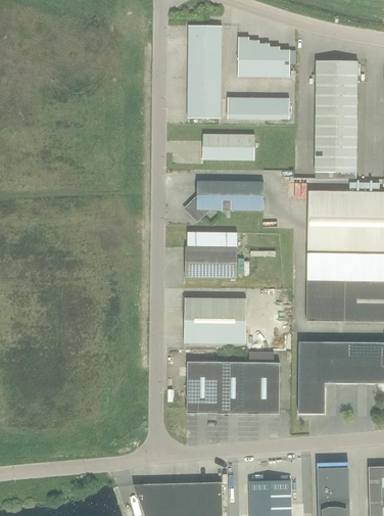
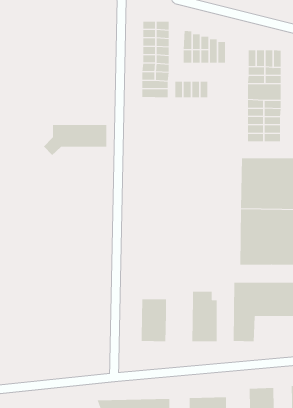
building: [269,98,290,120] -> none
building: [203,134,255,159] -> none
building: [186,182,263,220] -> [43,124,107,156]
building: [186,232,238,278] -> none
building: [184,297,246,343] -> none
building: [218,362,249,414] -> none

